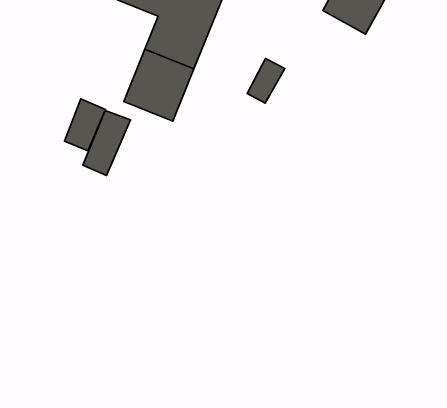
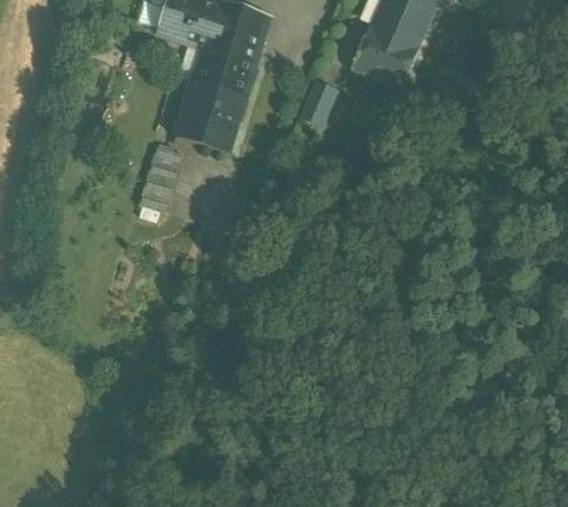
building: none -> [353,23,419,86]
building: [64,99,106,151] -> none

